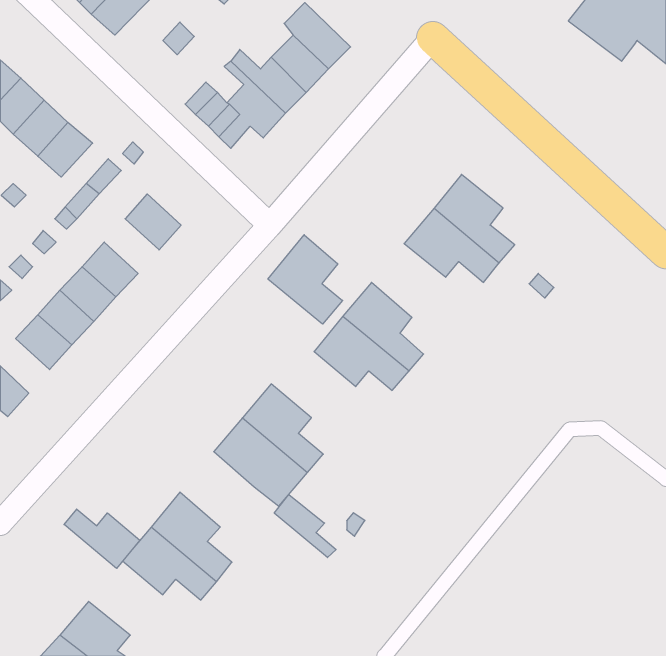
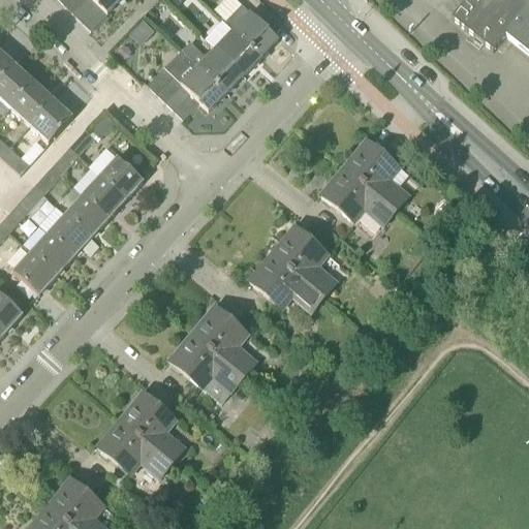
building: none -> [83,174,126,217]
building: [268,235,343,324] -> none
building: [274,494,336,558] -> none
building: [64,509,140,568] -> none

